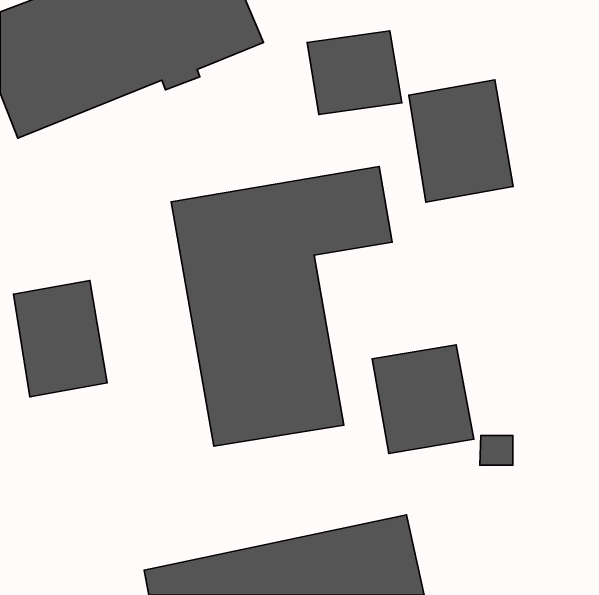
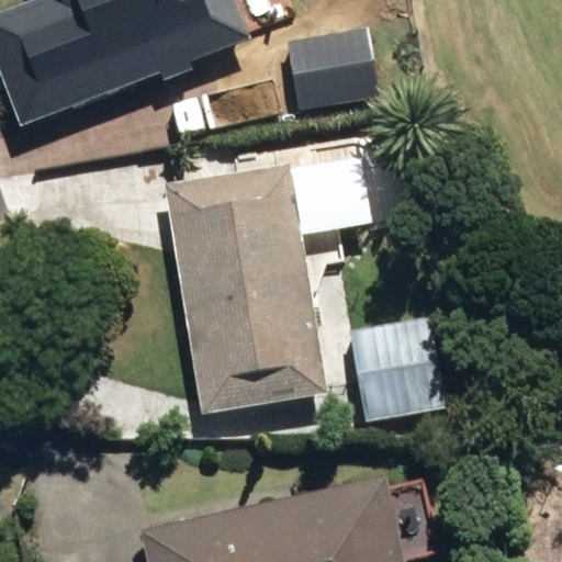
building: [409,80,513,202] -> none
building: [13,280,107,397] -> none

